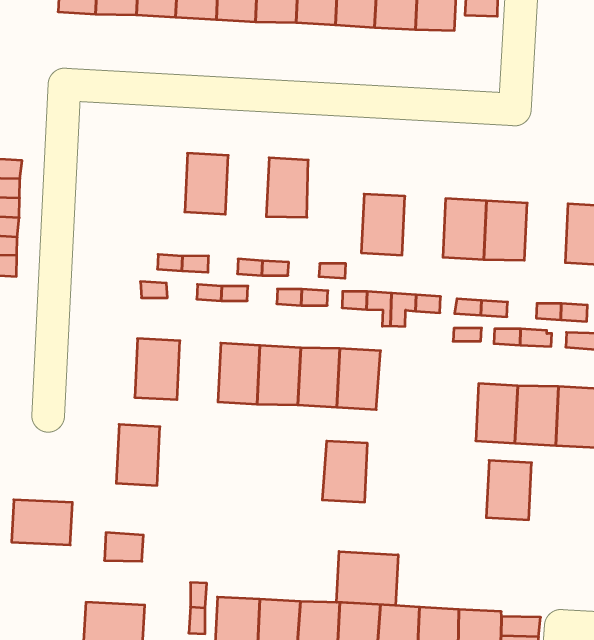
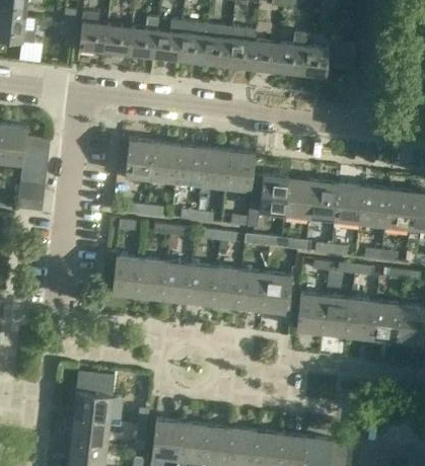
building: none -> [125,140,154,178]
building: none -> [175,145,205,184]
building: none -> [226,151,255,189]
building: none -> [284,177,313,217]
building: none -> [360,186,389,225]
building: [116,424,160,485] -> [138,258,167,298]
building: [322,441,367,502] -> [262,273,292,312]
building: [486,460,532,520] -> [296,294,327,332]
building: [12,500,72,545] -> [73,391,113,421]
building: [337,551,398,605] -> none

